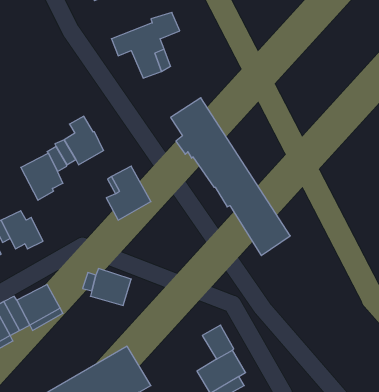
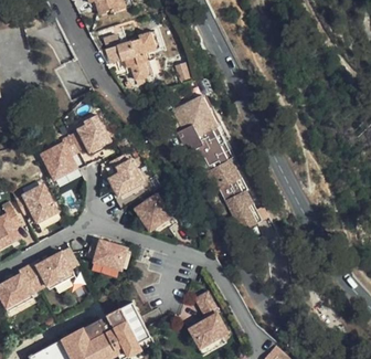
building: none -> [137,192,173,230]

